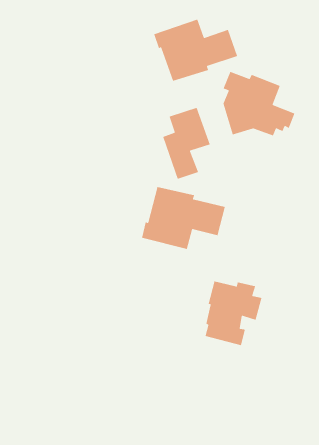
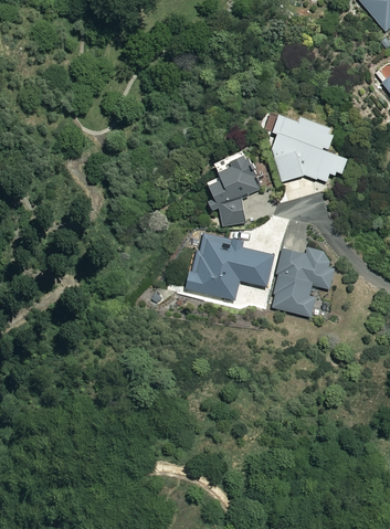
building: [153,19,238,82] -> none
building: [204,281,263,346] -> [273,247,334,316]

